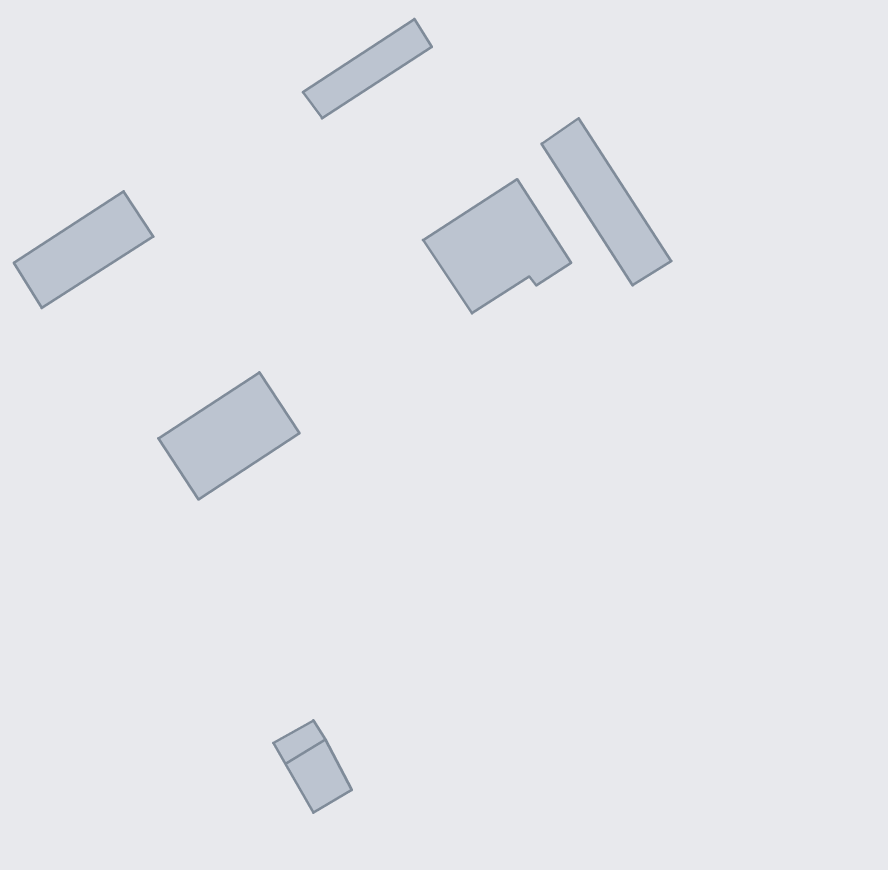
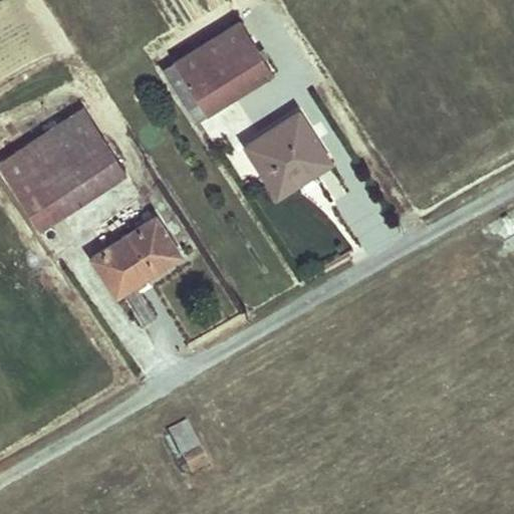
building: none -> [187,38,272,113]
building: [542,118,671,285] -> none
building: none -> [13,148,112,225]

